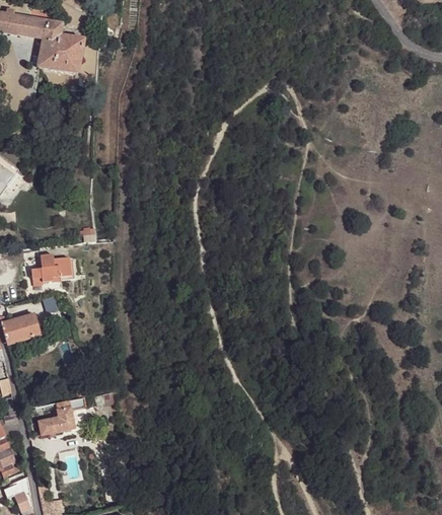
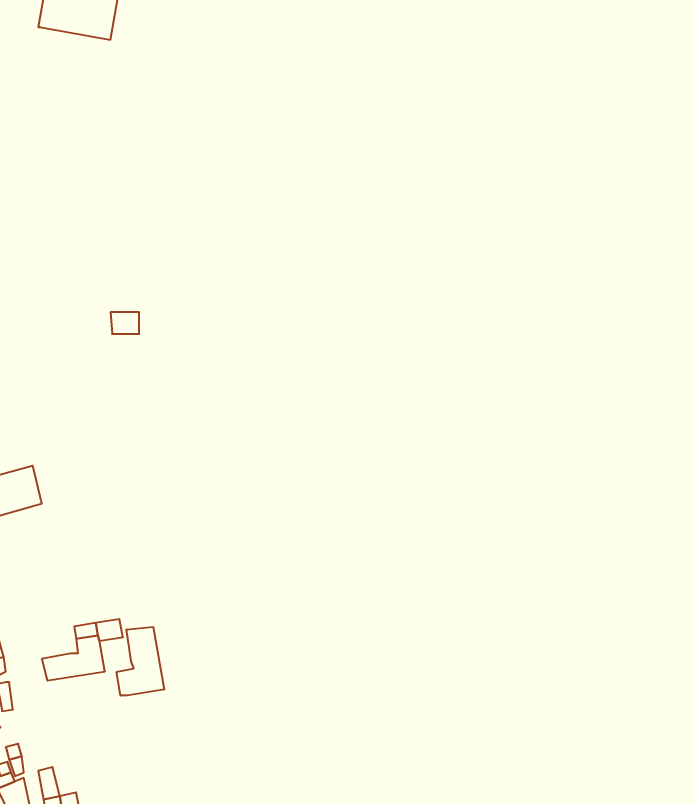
building: [30,253,70,282] -> none
building: none -> [117,627,164,696]

